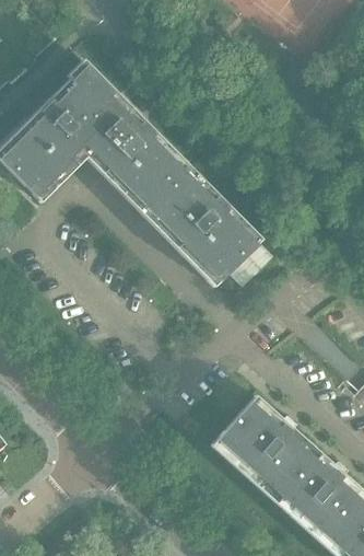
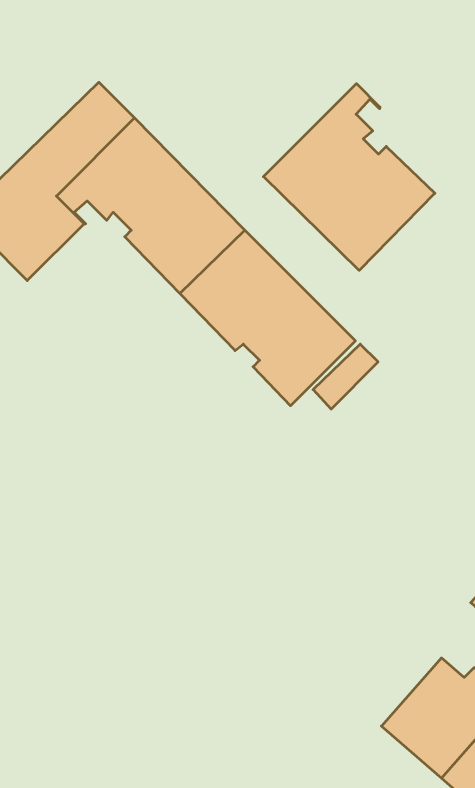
building: none -> [263,84,435,270]
building: [214,396,319,500] -> none

